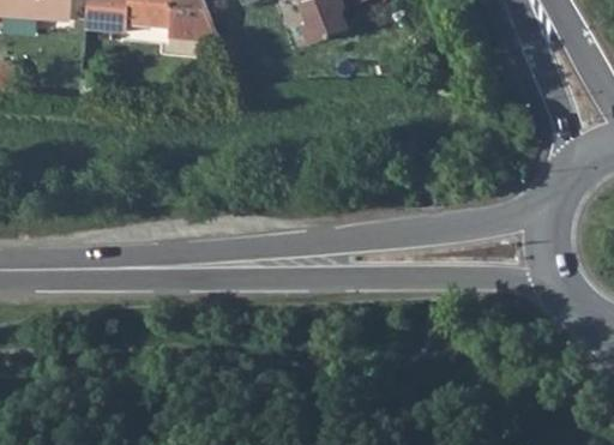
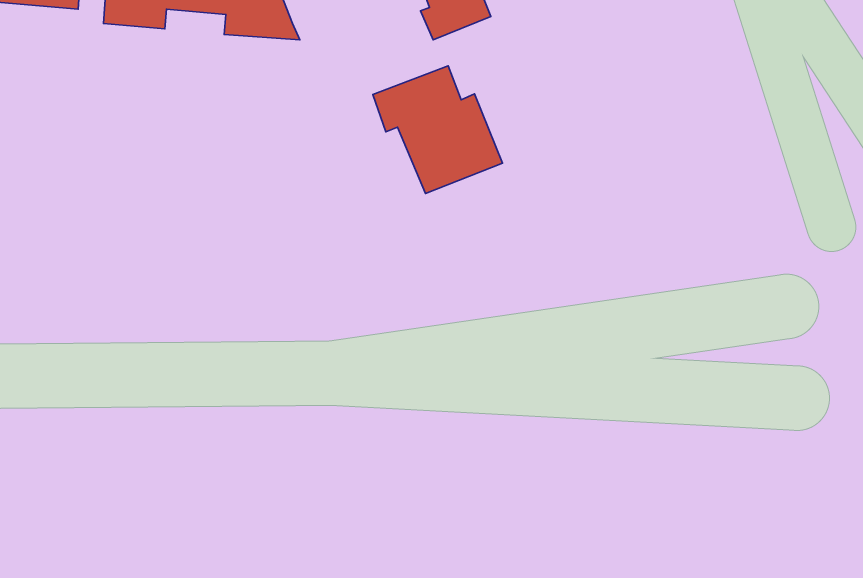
building: none -> [373,66,503,194]

